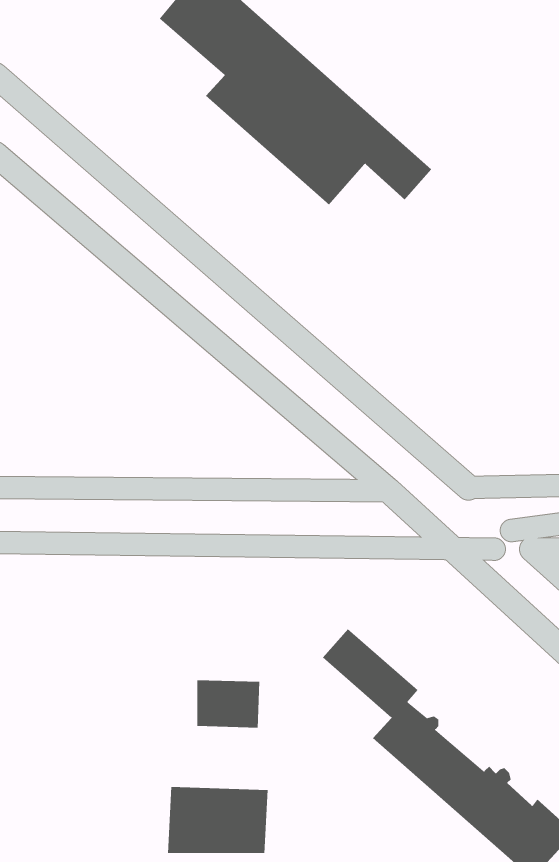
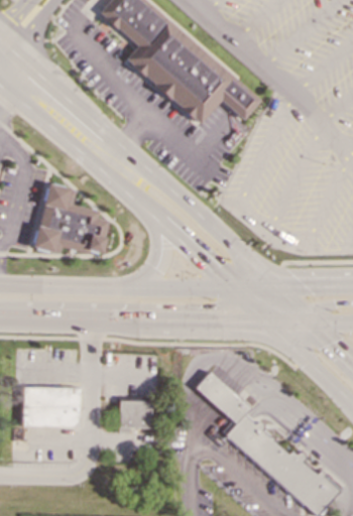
building: none -> [33,184,108,254]
building: [167,786,269,853] -> [21,386,81,425]

